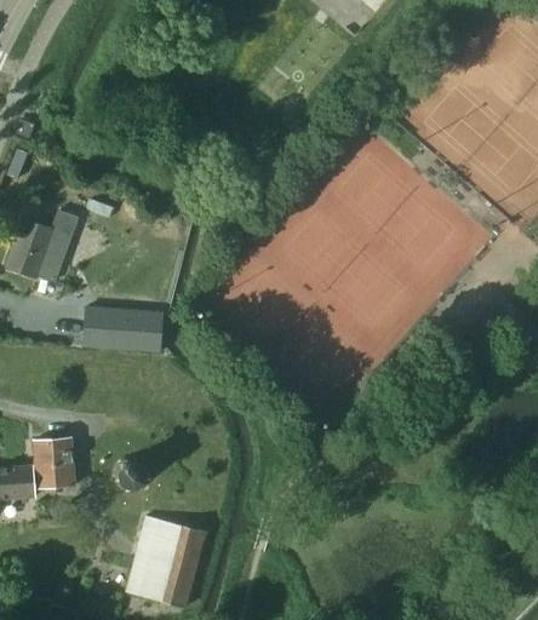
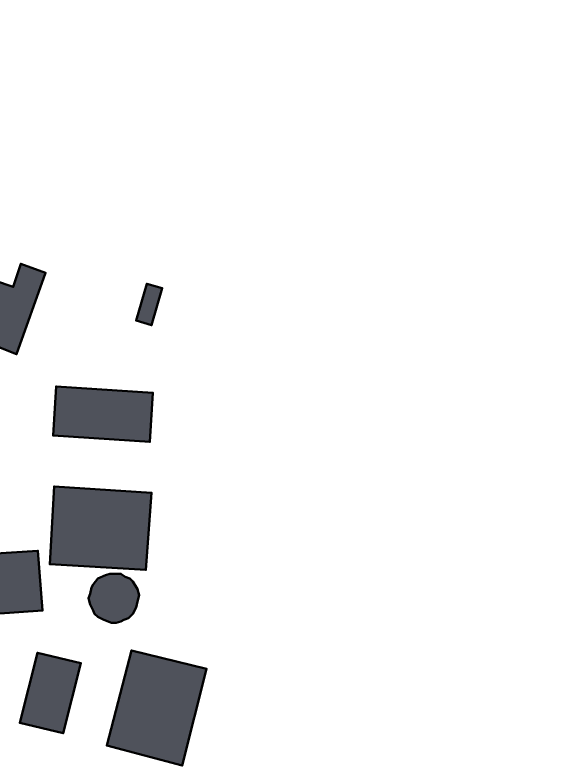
building: none -> [50,487,151,570]
building: none -> [20,653,81,733]

